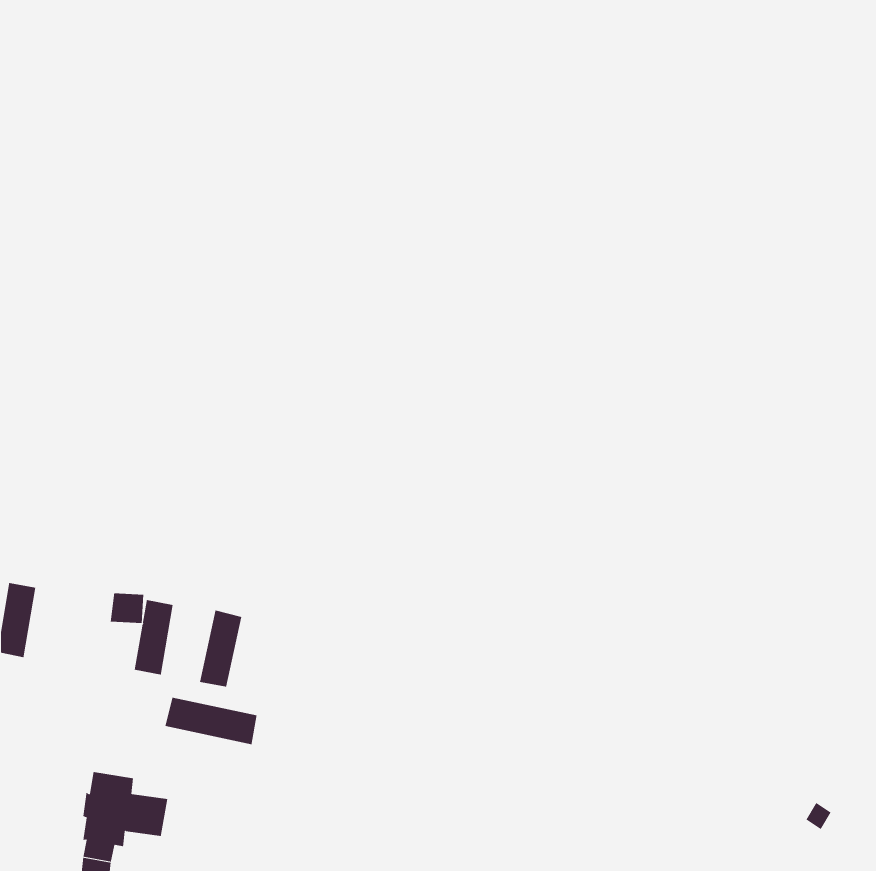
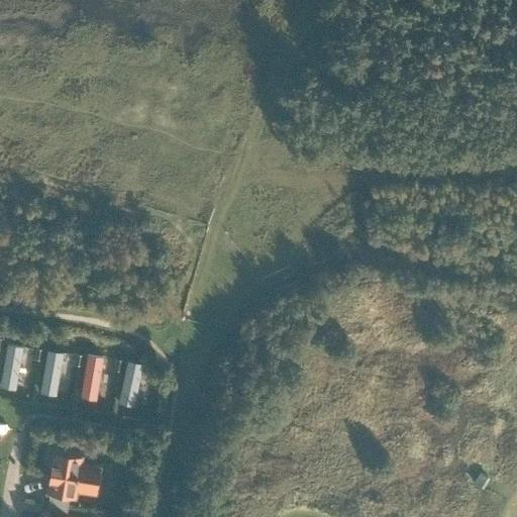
building: none -> [39,353,63,397]
building: [165,697,257,745] -> none

